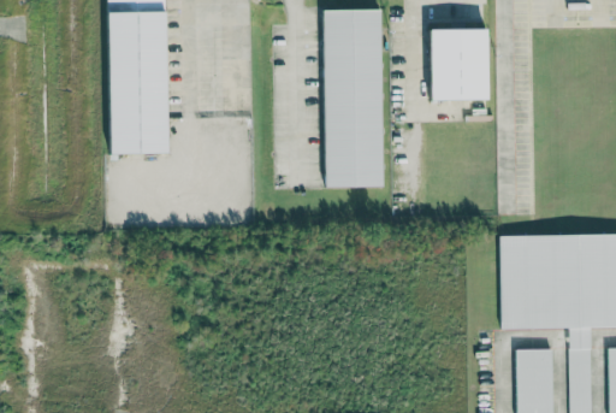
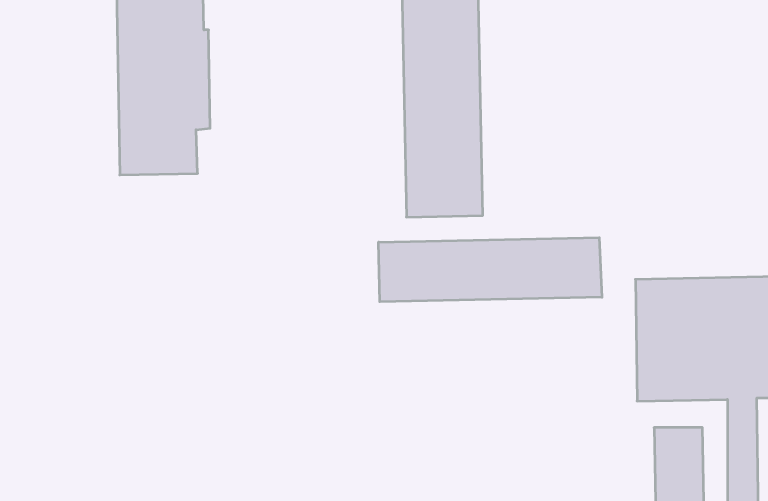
building: [426,28,487,100] -> none
building: none -> [379,238,602,302]

